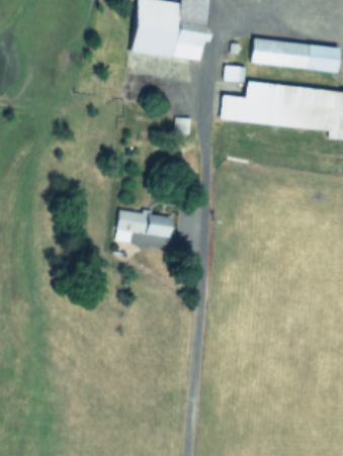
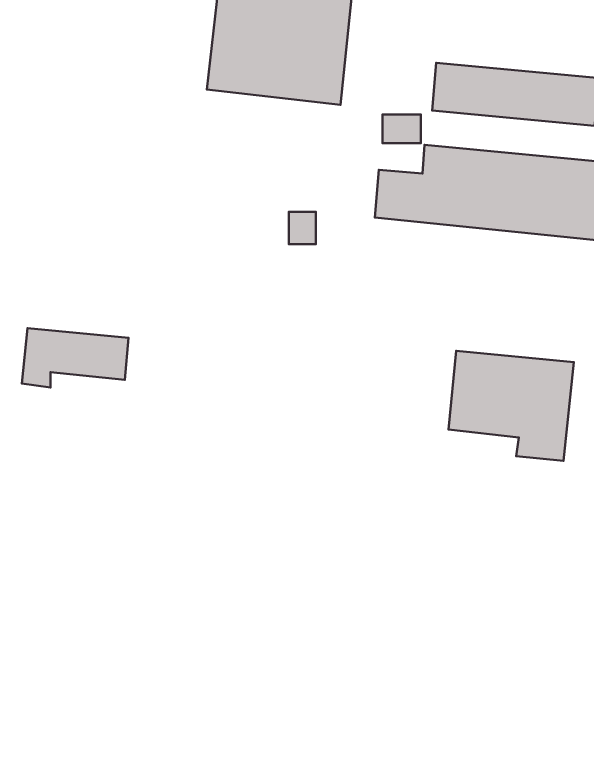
building: none -> [448,351,574,461]
building: [116,211,173,243] -> [22,328,129,387]

